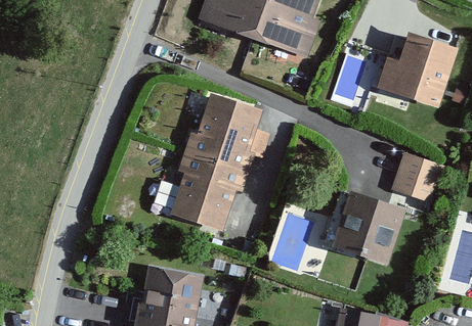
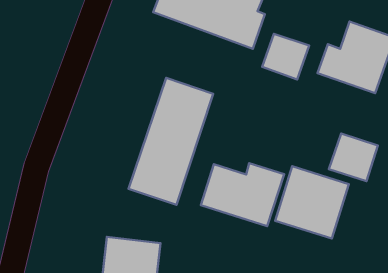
building: none -> [262,34,309,79]
building: none -> [201,163,284,226]

